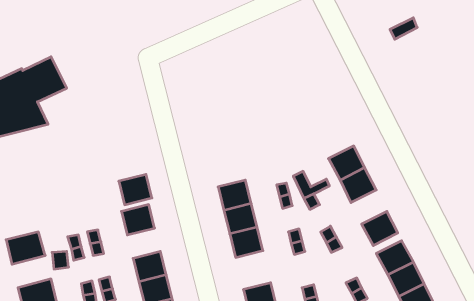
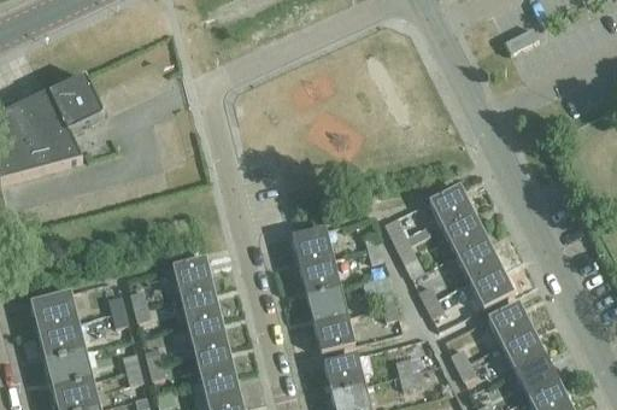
building: [119,174,152,205] -> [180,286,221,323]
building: none -> [456,239,500,281]
building: none -> [313,314,354,352]
building: none -> [37,320,86,359]

